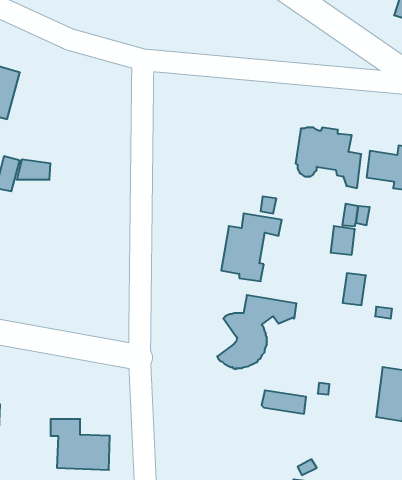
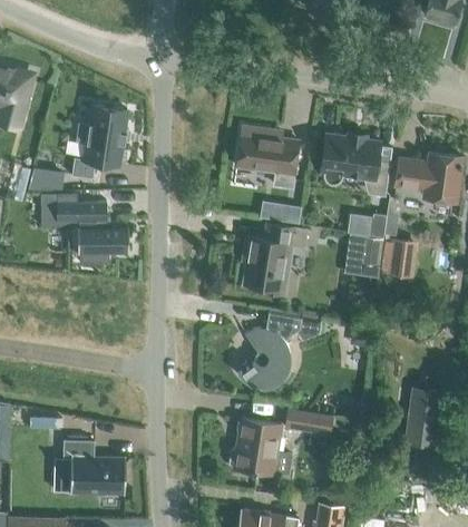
building: none -> [70,106,126,179]
building: none -> [236,128,298,189]
building: none -> [40,194,128,265]
building: [343,273,366,305] -> [389,243,413,276]
building: none -> [230,419,291,476]

